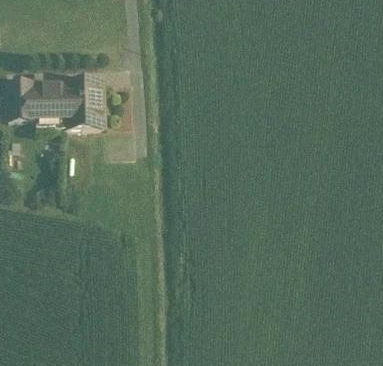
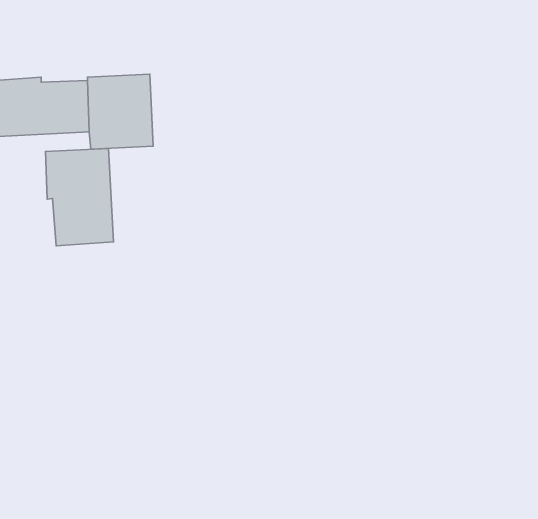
building: none -> [46,148,114,246]

